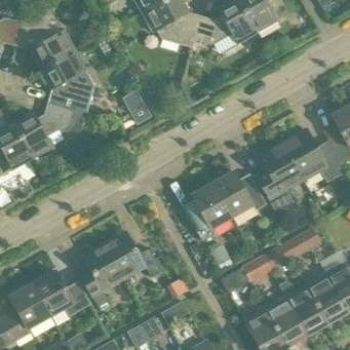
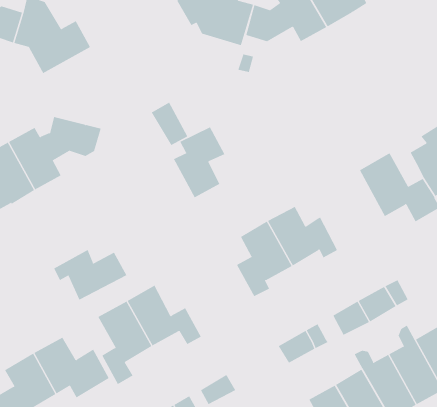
building: [39,49,87,109] -> none
building: none -> [173,127,225,198]
building: [258,144,302,212] -> none
building: none -> [53,249,127,300]

